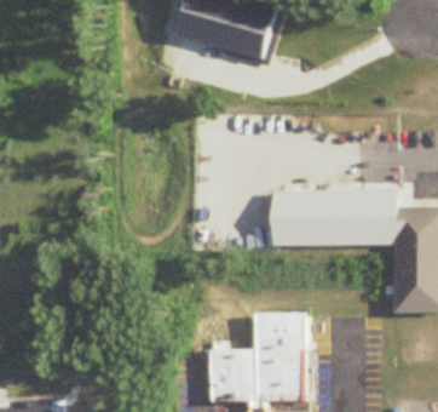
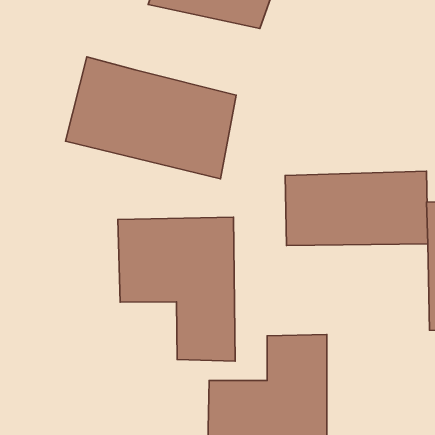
building: none -> [65,57,236,179]
building: none -> [118,217,235,361]

